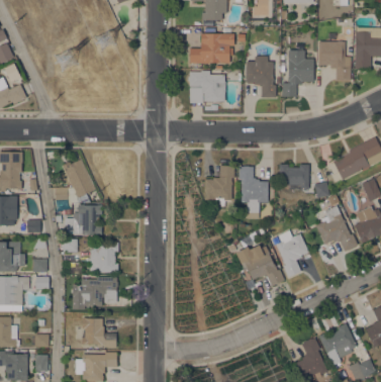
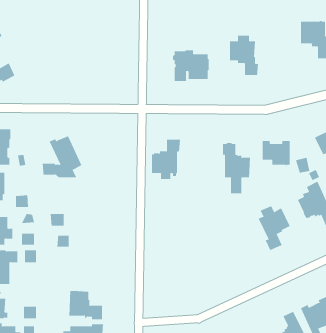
building: [189,33,233,63] -> none
building: [282,51,313,97] -> none
building: [204,165,234,206] -> [151,139,181,179]
building: [65,204,97,233] -> none
building: [89,242,118,272] -> none
building: [235,245,284,286] -> none
building: [72,277,117,308] -> none

